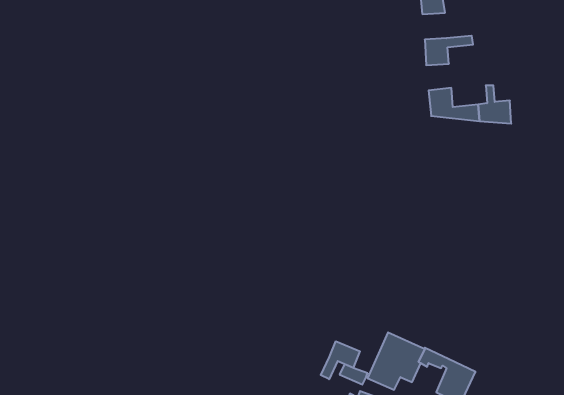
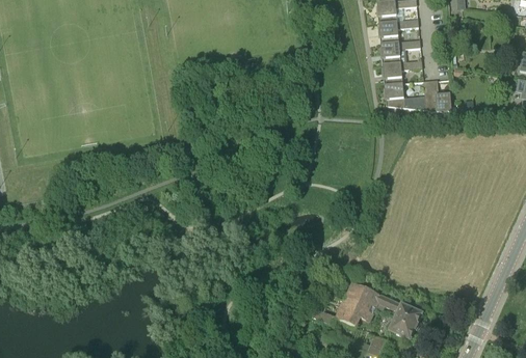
building: none -> [378,19,418,43]
building: none -> [382,60,422,84]
building: [321,341,360,379] -> none

